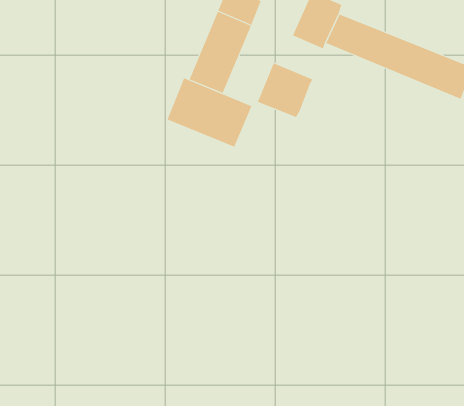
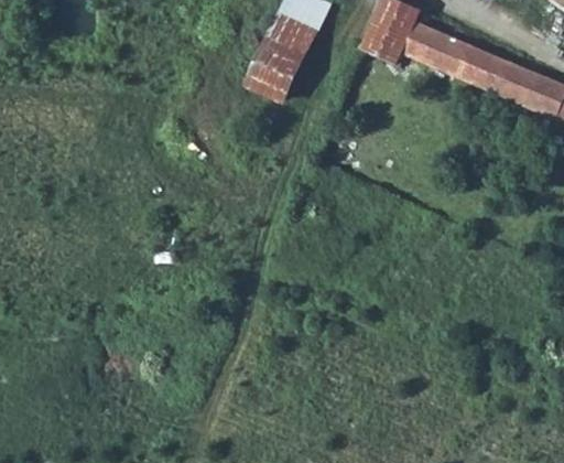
building: [257,63,313,118] -> none
building: [167,78,252,148] -> none

